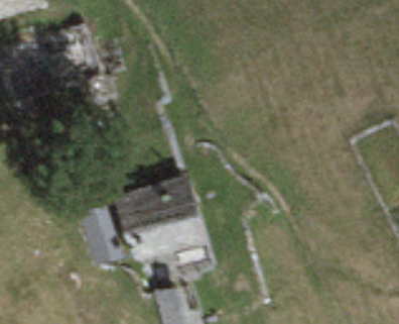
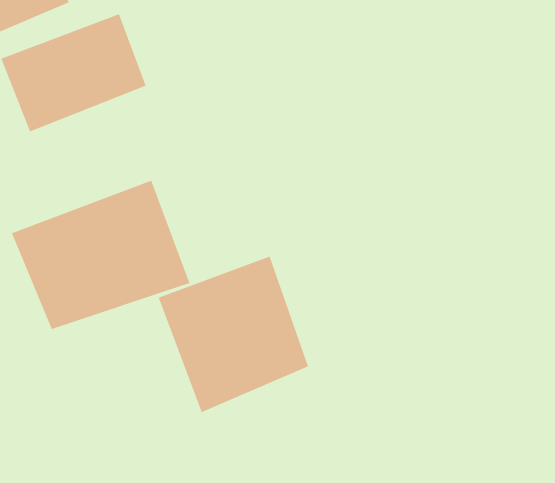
building: none -> [11,180,190,330]

